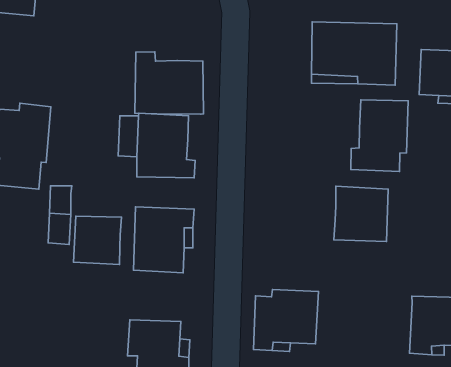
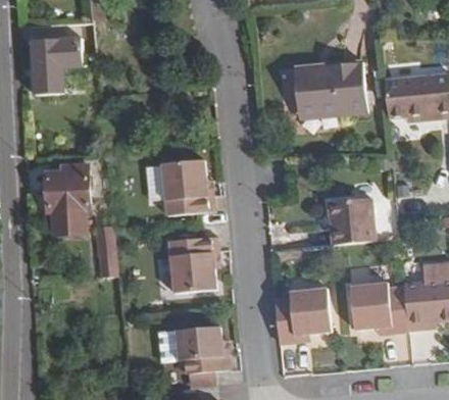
building: [135,52,204,114] -> none
building: [351,100,408,172] -> none
building: [74,216,122,264] -> none
building: none -> [348,284,406,333]

